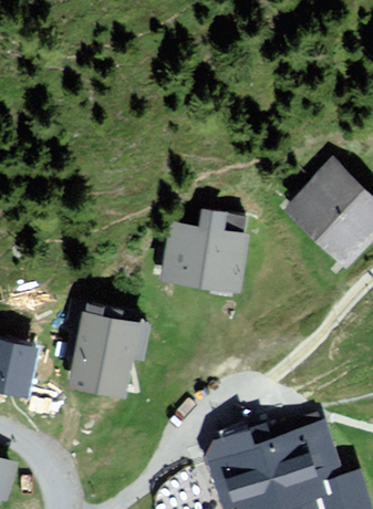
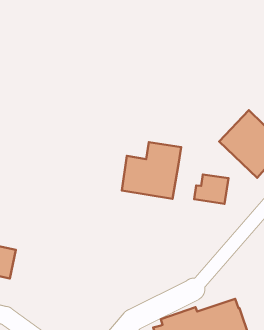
building: none -> [194,174,228,204]
building: [73,307,147,391] -> none

